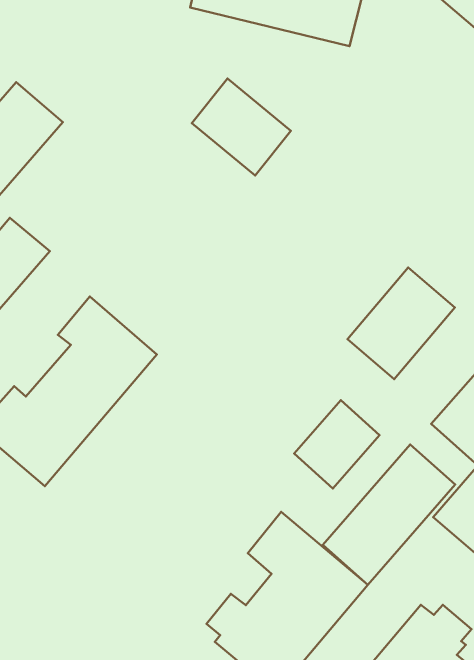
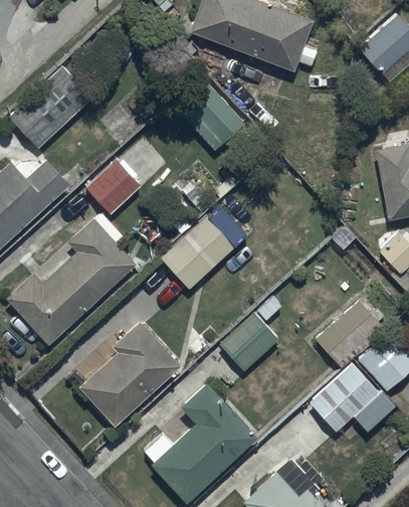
building: none -> [86,158,142,213]
building: [348,268,455,379] -> [161,215,236,290]
building: none -> [80,320,181,426]
building: [323,444,455,585] -> none

